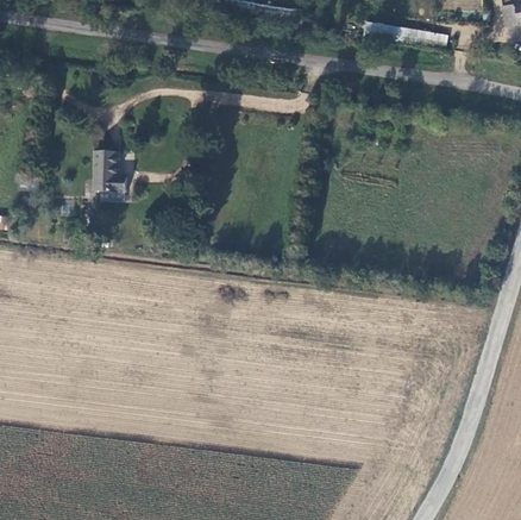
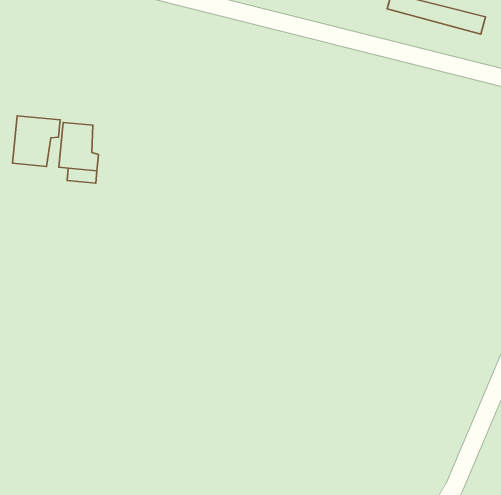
building: none -> [13,116,60,167]

